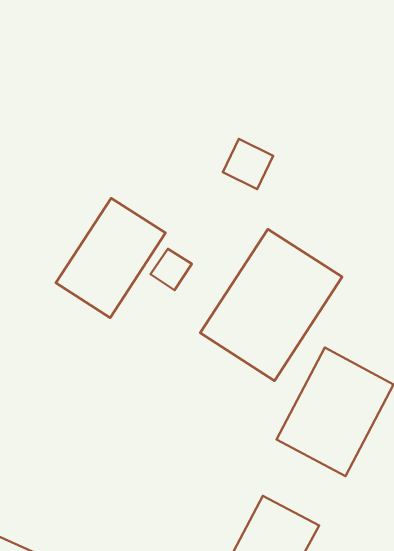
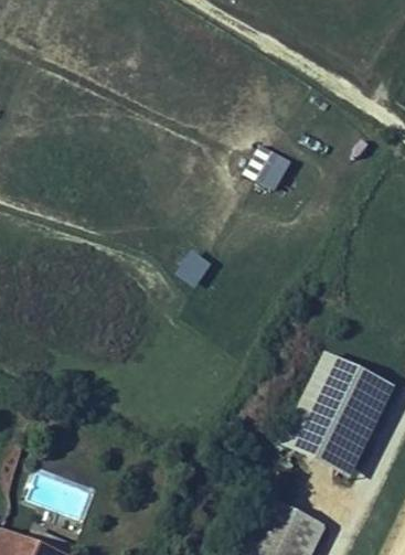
building: [56,198,165,318] -> none
building: [200,229,342,381] -> none

